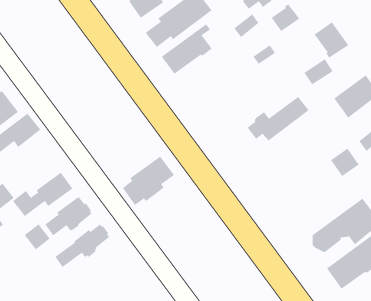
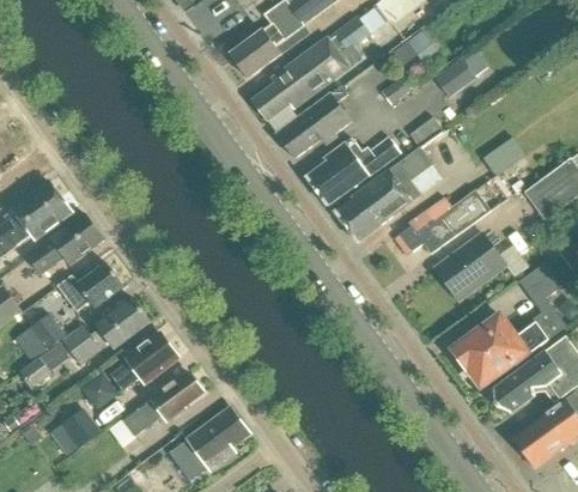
building: [314,21,349,59] -> none
building: none -> [306,138,398,205]
building: none -> [334,146,432,242]
building: none -> [438,232,505,297]
building: none -> [57,262,123,311]
building: [122,156,175,206] -> [175,406,250,478]
building: none -> [452,305,565,387]
building: none -> [60,407,101,449]

